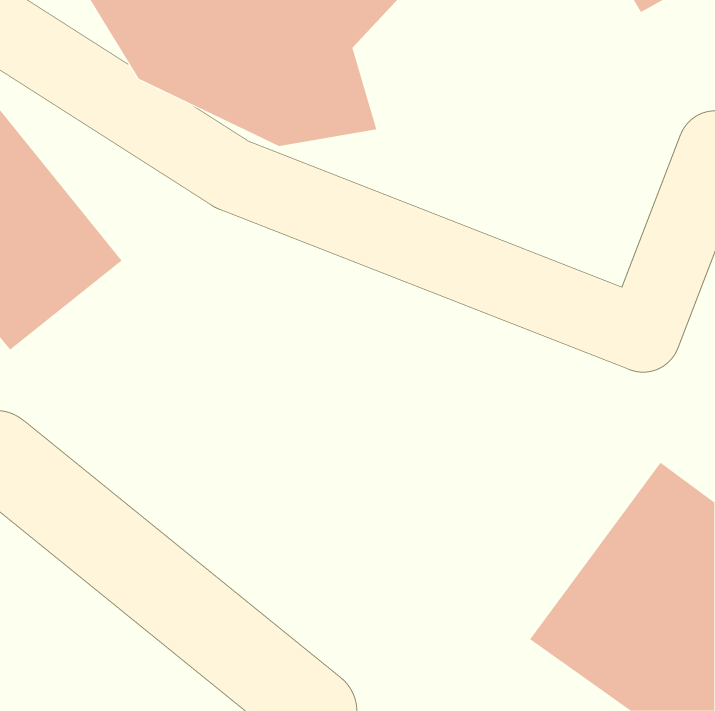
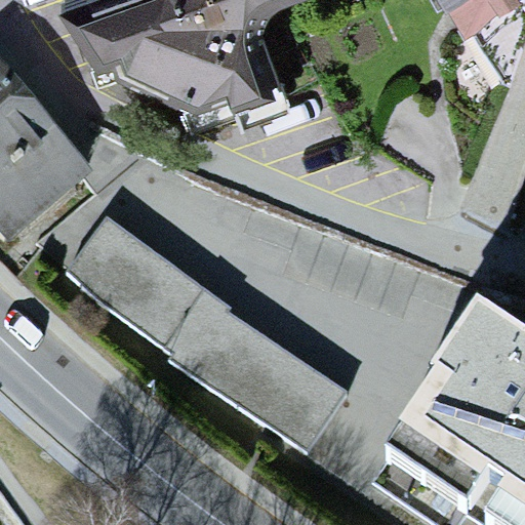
building: none -> [66,218,345,449]

